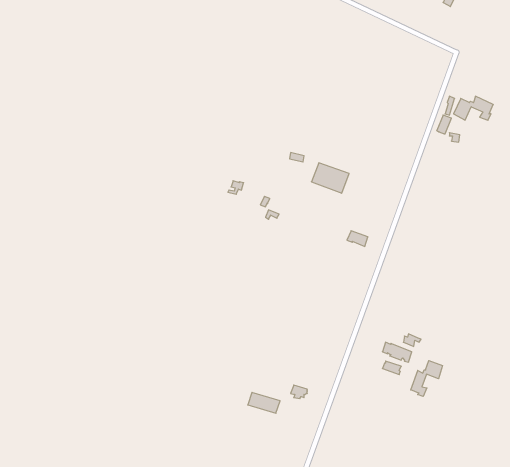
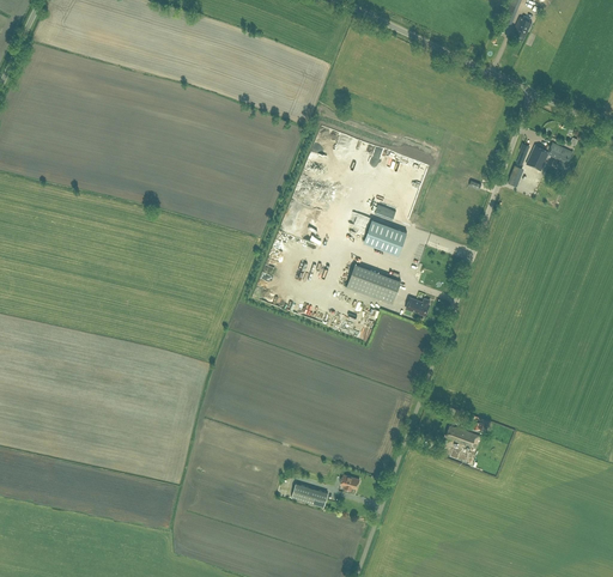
building: none -> [346,263,400,303]
building: [411,361,442,396] -> none

